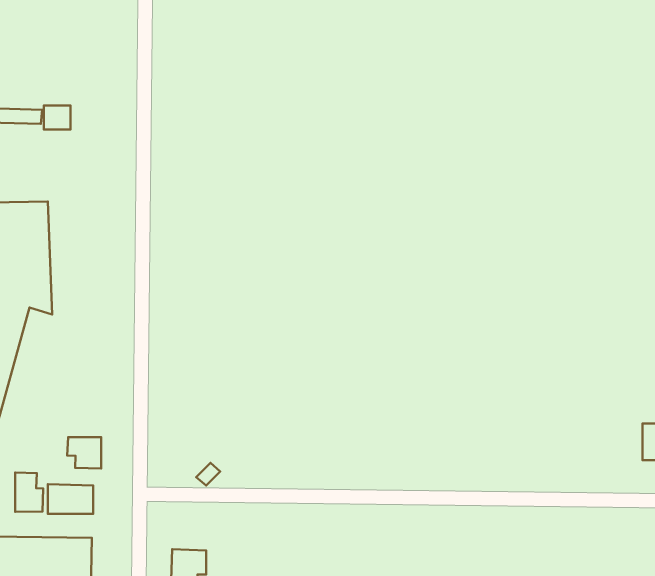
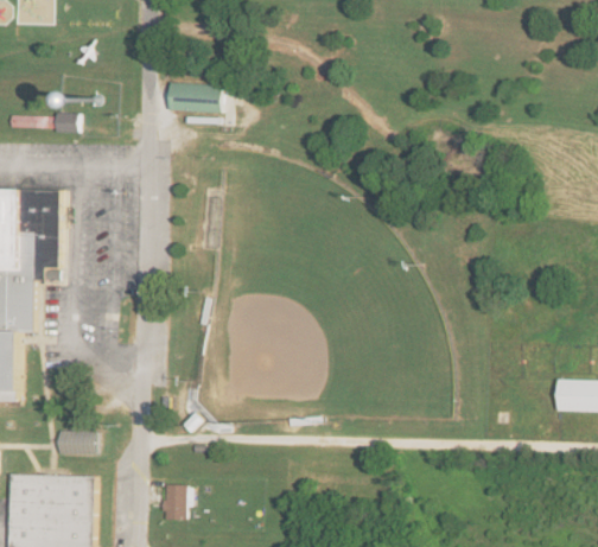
building: none -> [165,85,218,115]
building: [67,437,101,468] -> none
building: [15,472,43,512] -> none

